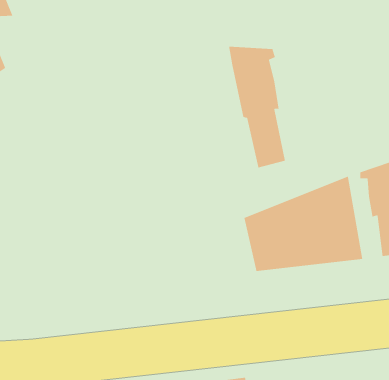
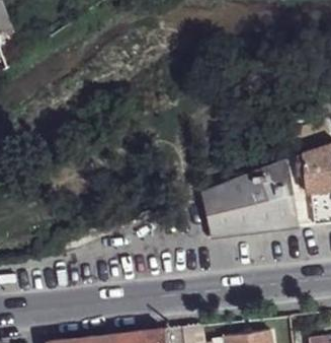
building: [228,46,286,168] -> none

